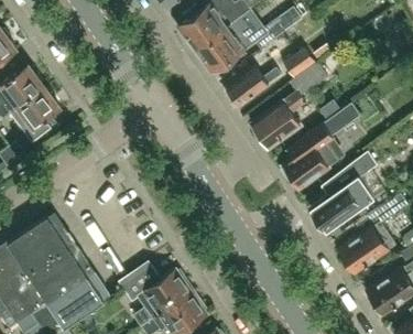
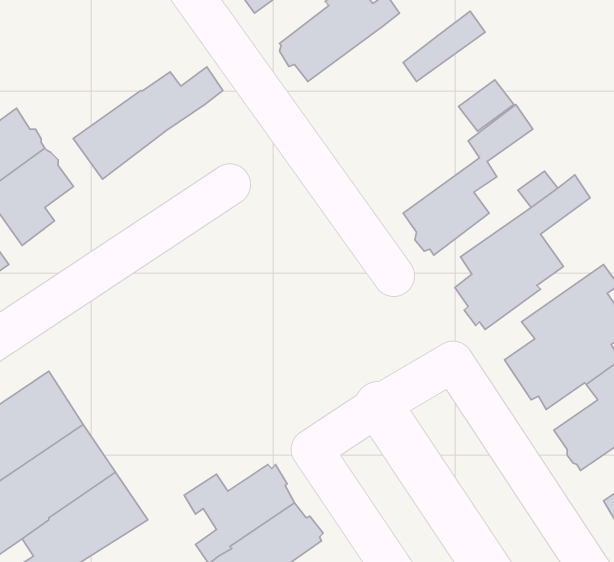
building: [197,17,251,72] -> none
building: none -> [73,67,223,179]
building: [226,67,282,107] -> none

